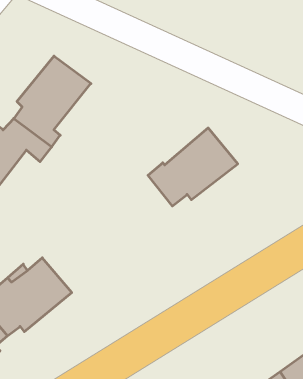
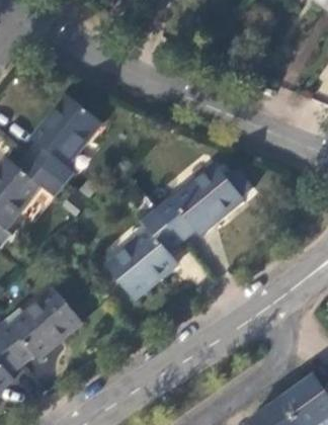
building: none -> [104,210,179,302]

